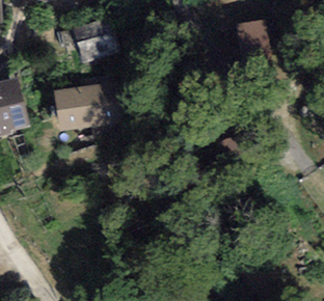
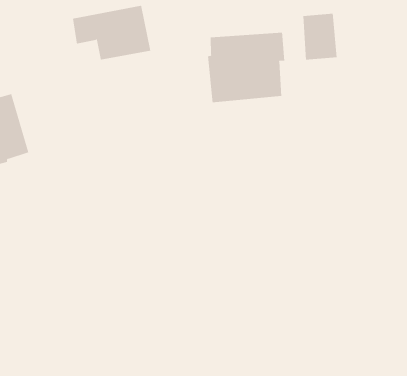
building: none -> [208,32,285,103]
building: [53,82,111,129] -> none

